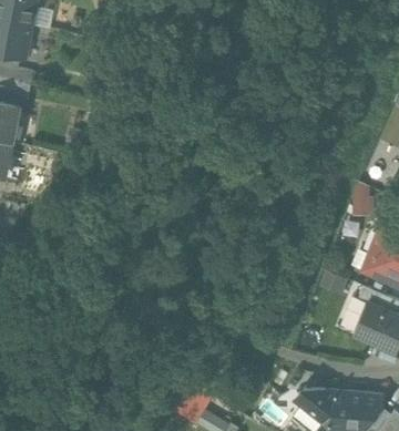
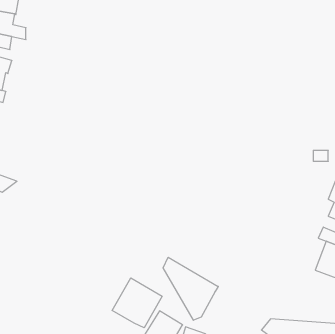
building: none -> [163,257,218,320]
building: none -> [112,278,162,328]

